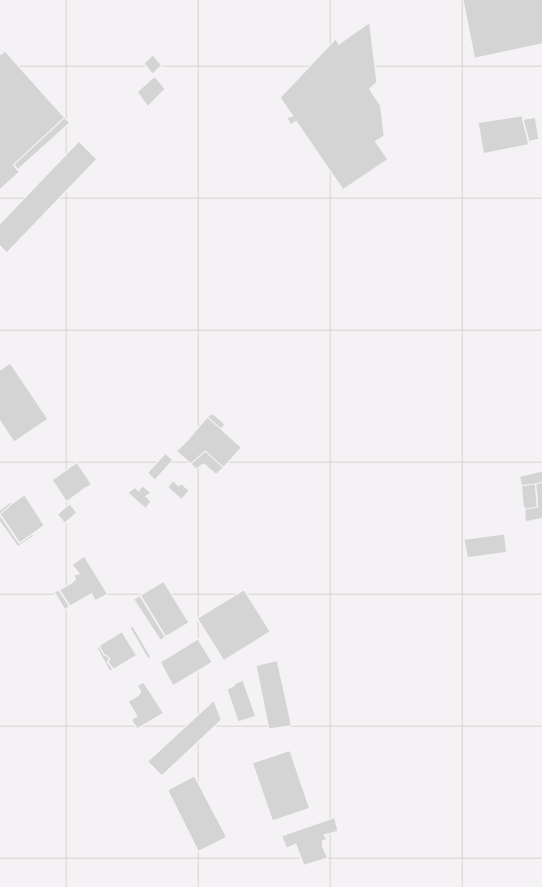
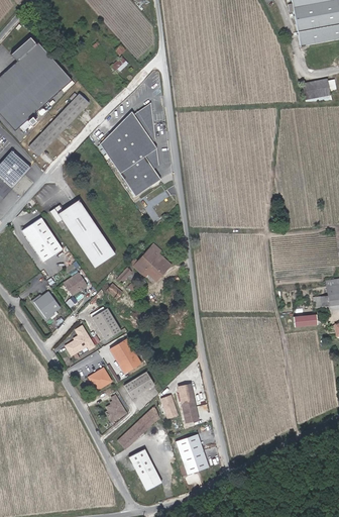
building: [280,22,388,190] -> [100,102,160,196]
building: none -> [49,199,114,268]
building: none -> [92,308,120,339]
building: [197,589,271,661] -> none
building: [281,818,338,866] -> none

